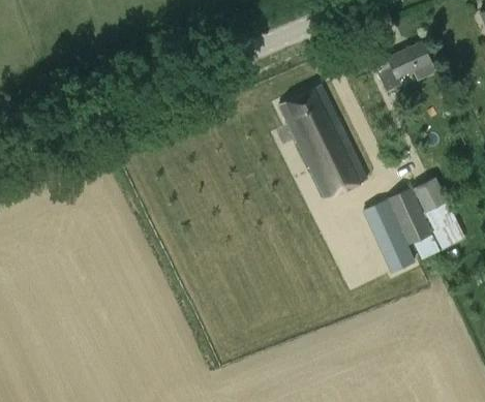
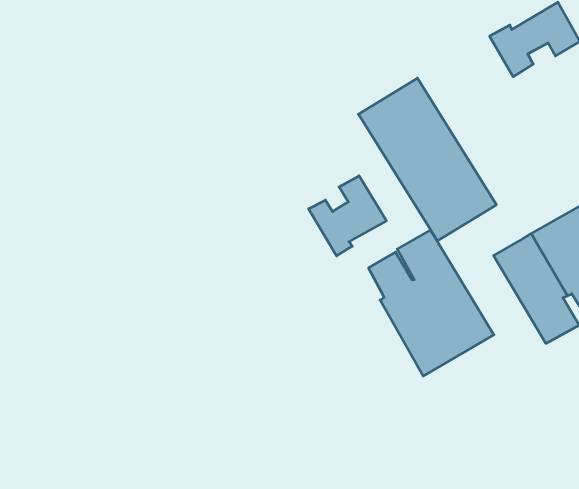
building: none -> [309,176,386,256]
building: none -> [369,230,494,376]

